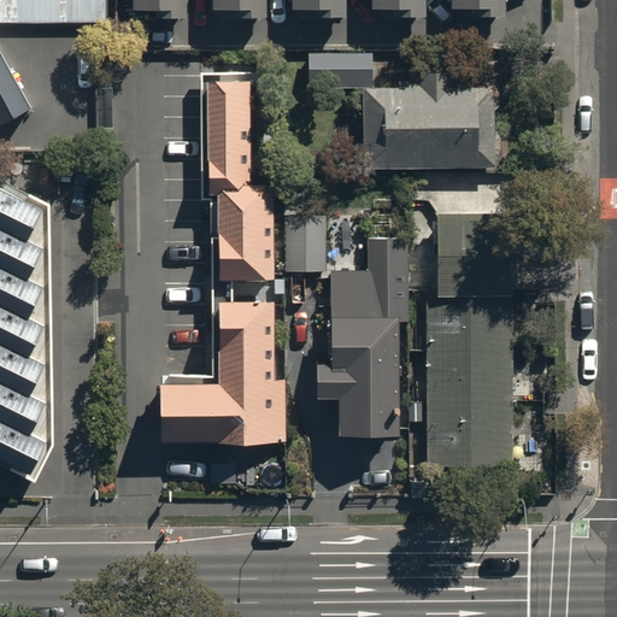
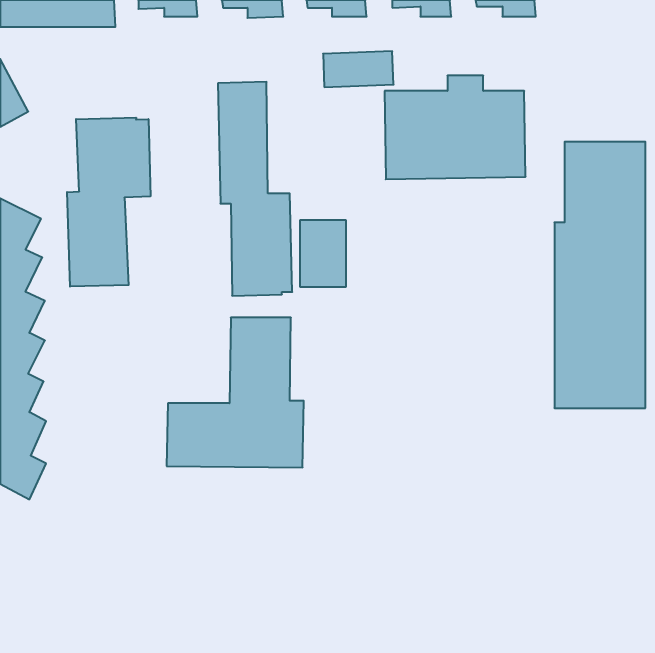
building: none -> [67,118,150,287]
building: [424,212,510,463] -> [554,142,645,408]
building: [315,237,407,434] -> none

